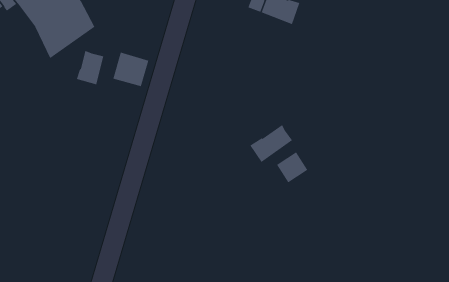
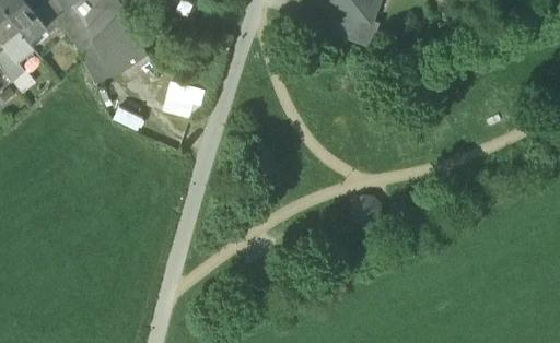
building: [76,50,104,85] -> none
building: [249,124,293,163] -> none

